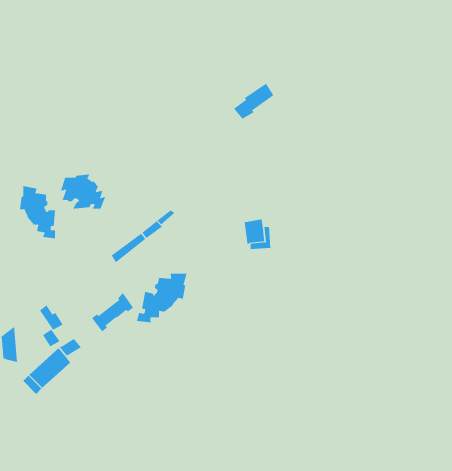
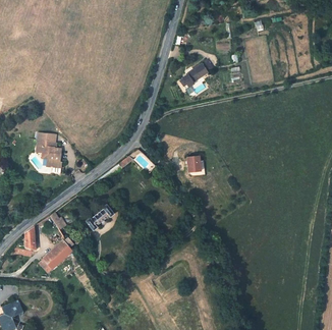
building: [60,174,106,210] -> none
building: [136,273,187,323] -> none

